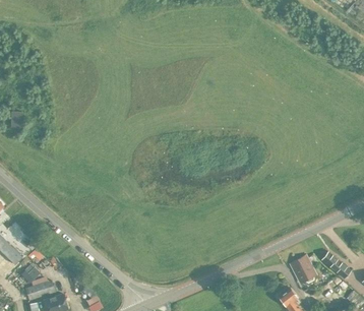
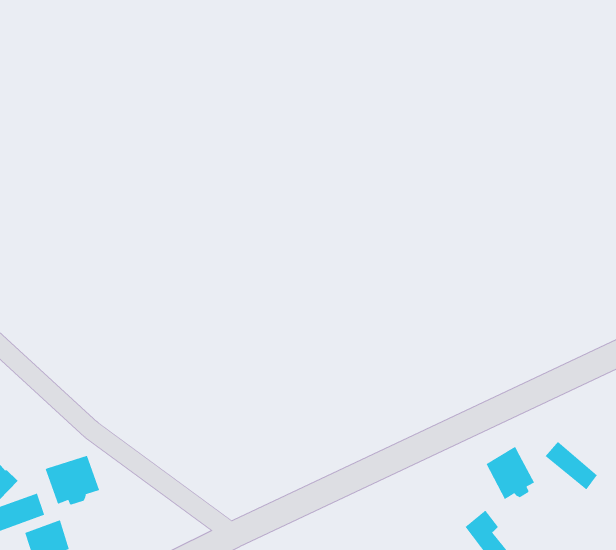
building: none -> [45,455,100,506]

